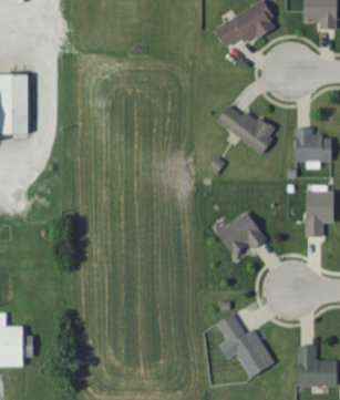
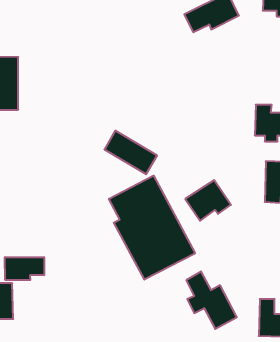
building: [216,103,275,152] -> [104,131,157,174]
building: none -> [109,176,195,280]
building: none -> [5,257,44,280]

